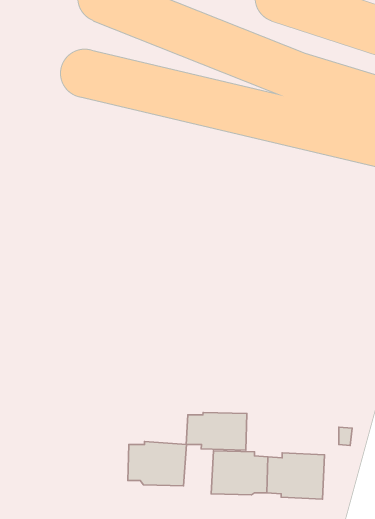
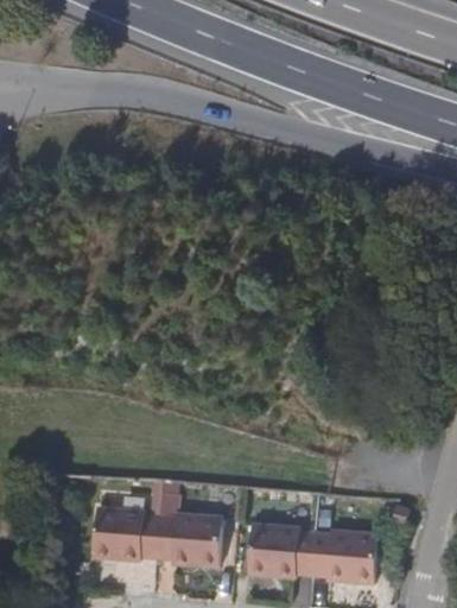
building: [186,412,247,450] -> none
building: none -> [90,508,154,563]

